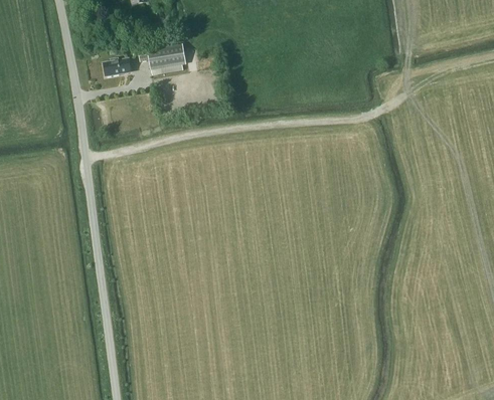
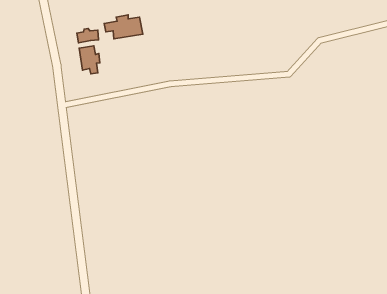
building: none -> [79,46,100,74]

